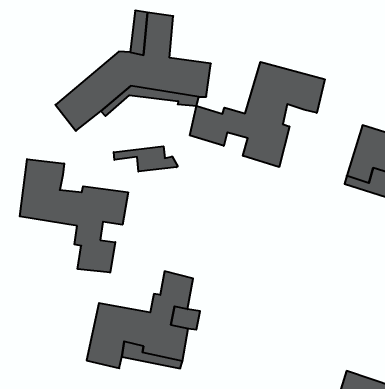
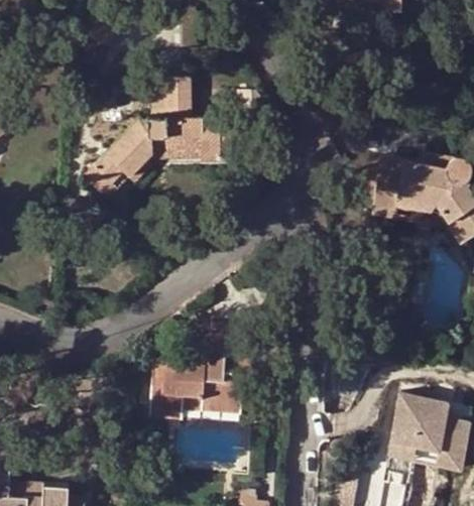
building: [190,62,325,167] -> none
building: [114,146,178,172] -> none
building: [20,159,128,273] -> none

